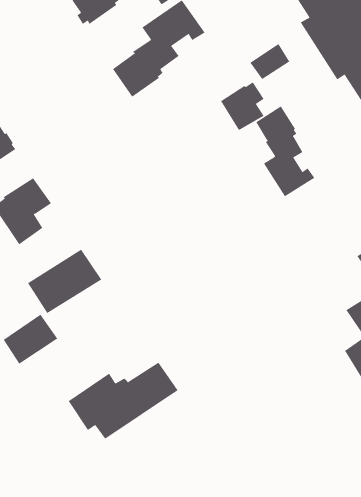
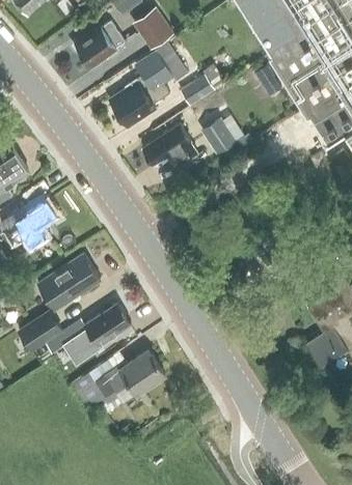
building: [249,43,290,80] -> [180,75,214,106]
building: none -> [142,126,195,169]
building: [255,106,315,197] -> none
building: none -> [45,305,130,352]

